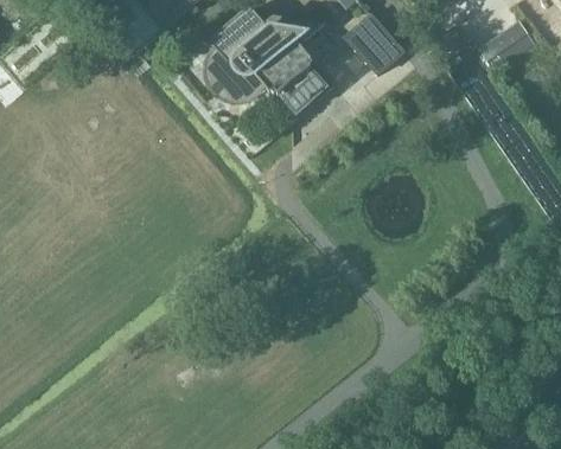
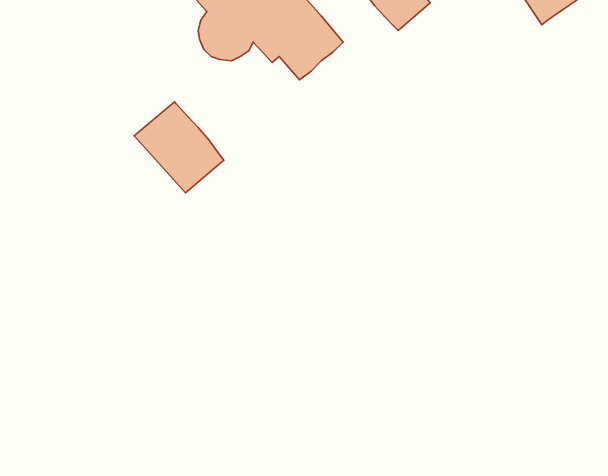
building: none -> [134,102,224,193]

